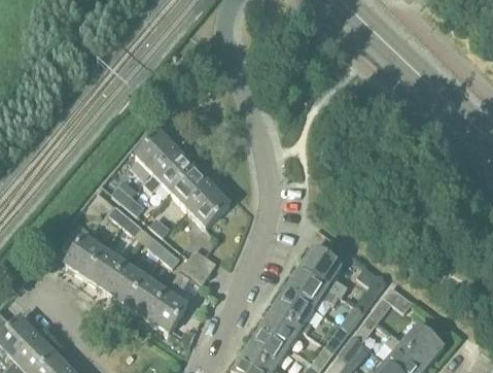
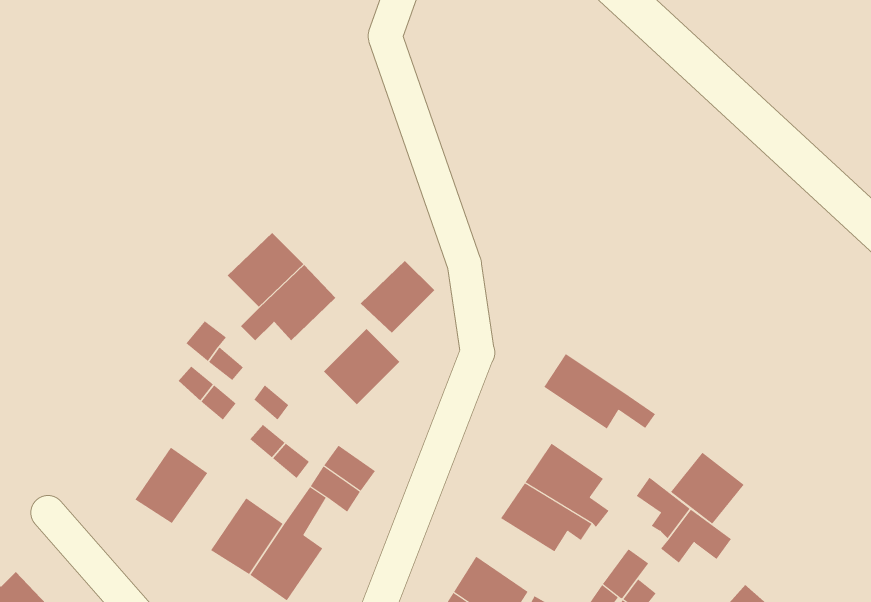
building: [170,167,211,207] -> [360,260,435,334]
building: none -> [543,353,656,429]
building: [64,235,104,277] -> none
building: none -> [670,452,745,525]
building: [105,263,145,305] -> none
building: [271,287,314,328] -> none

